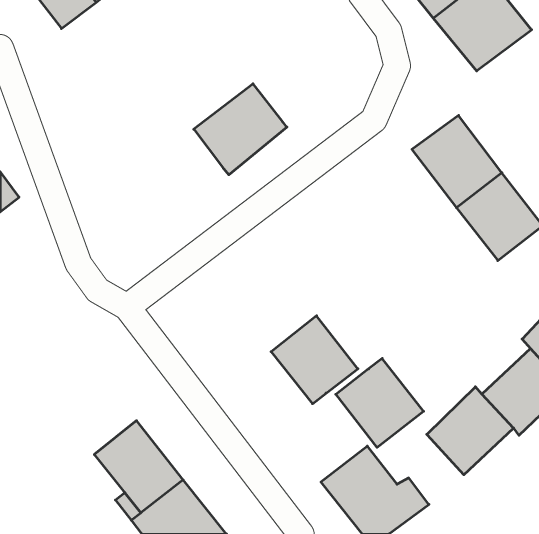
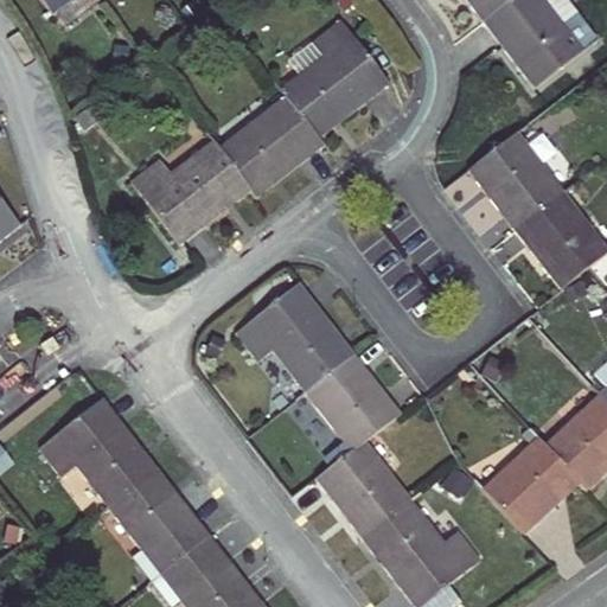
building: none -> [281,14,395,136]
building: none -> [134,139,253,244]
building: none -> [237,280,357,394]
building: [336,358,424,447] -> [315,440,414,539]
building: none -> [44,407,155,509]

